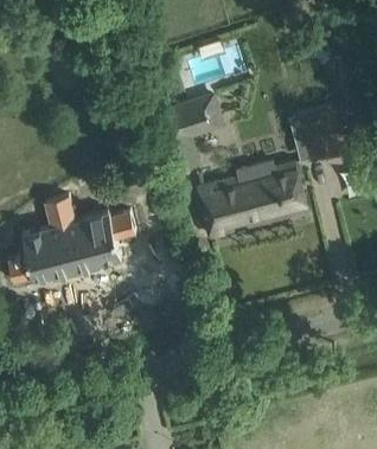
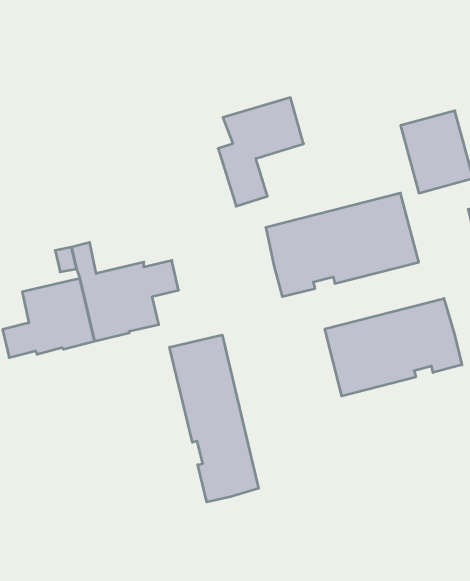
building: none -> [325,298,462,396]
building: none -> [170,335,259,502]

